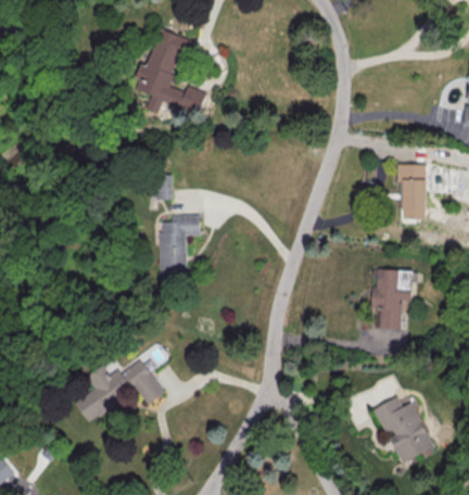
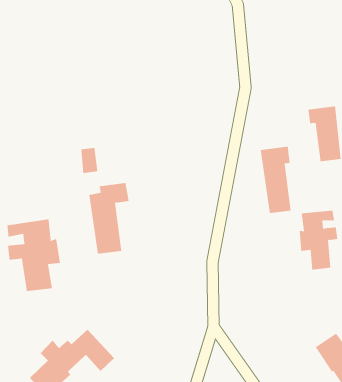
building: [137,28,207,114] -> none
building: none -> [260,146,291,214]
building: none -> [7,219,61,292]

